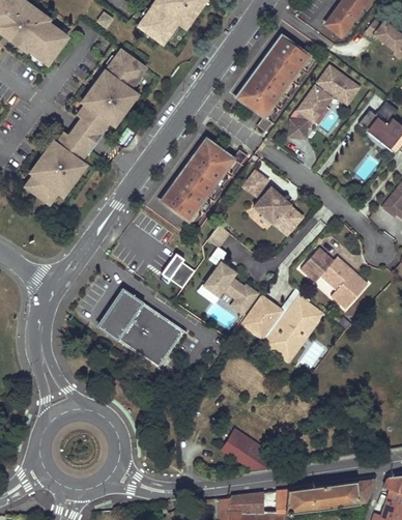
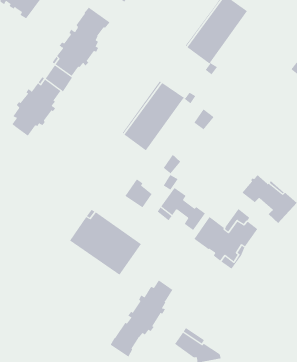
building: [291,66,358,137] -> none
building: [255,186,304,234] -> none
building: none -> [110,279,173,357]

